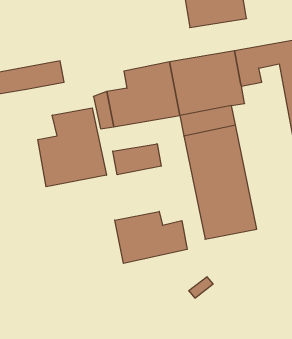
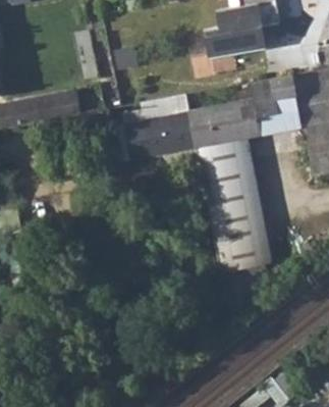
building: [38,108,106,187] -> none
building: [113,144,161,175] -> none
building: [115,211,187,263] -> none

